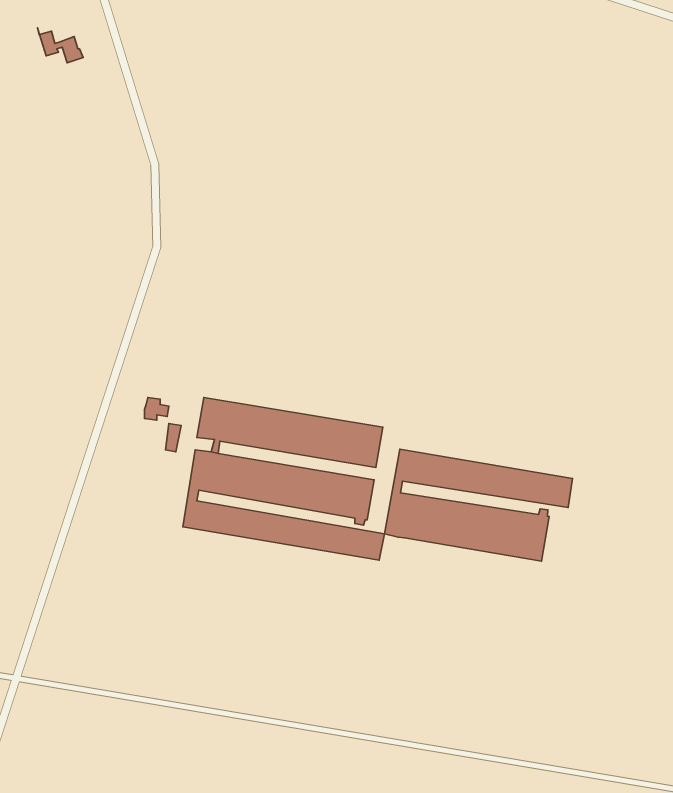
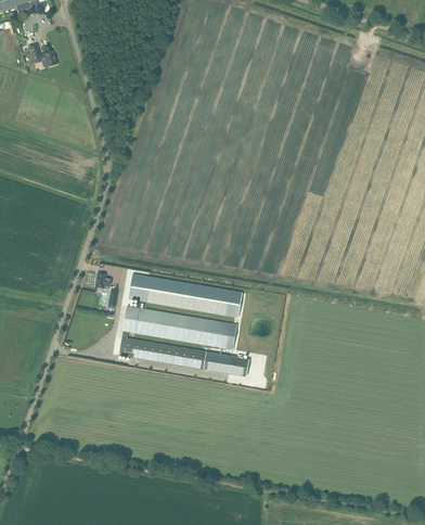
building: [385,449,572,561] -> none

